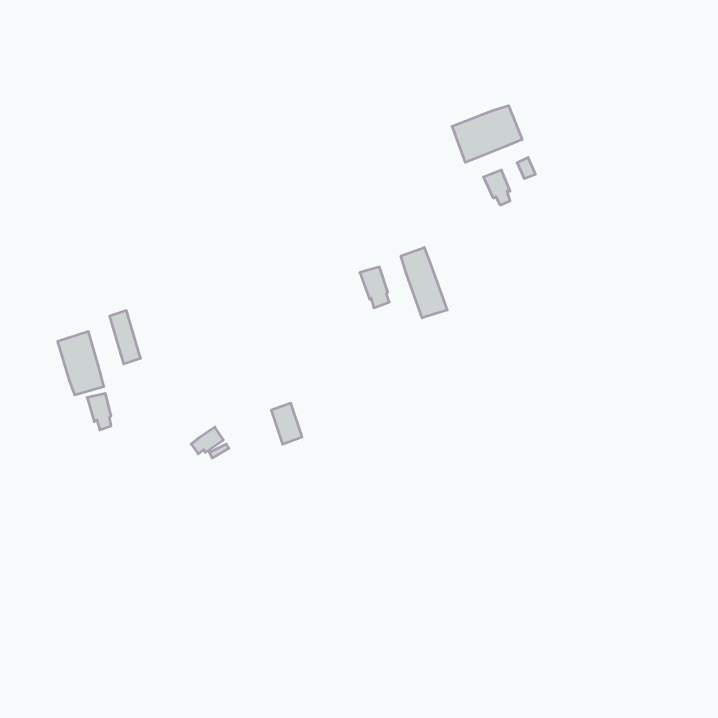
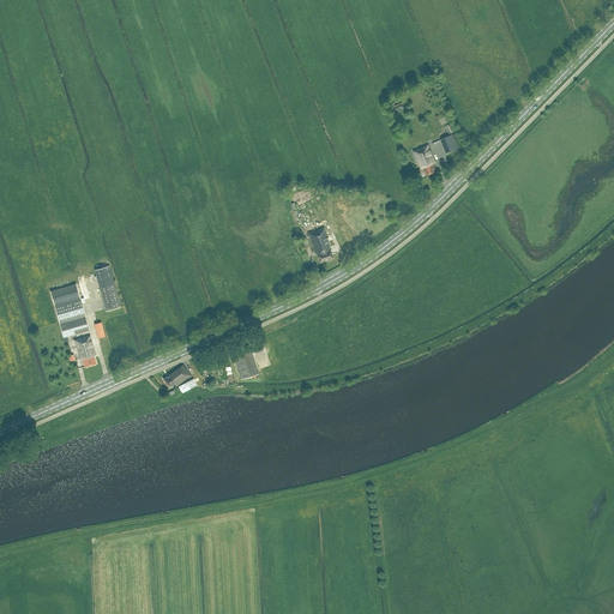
building: [452,106,522,162] -> none
building: [401,247,447,318] -> none

